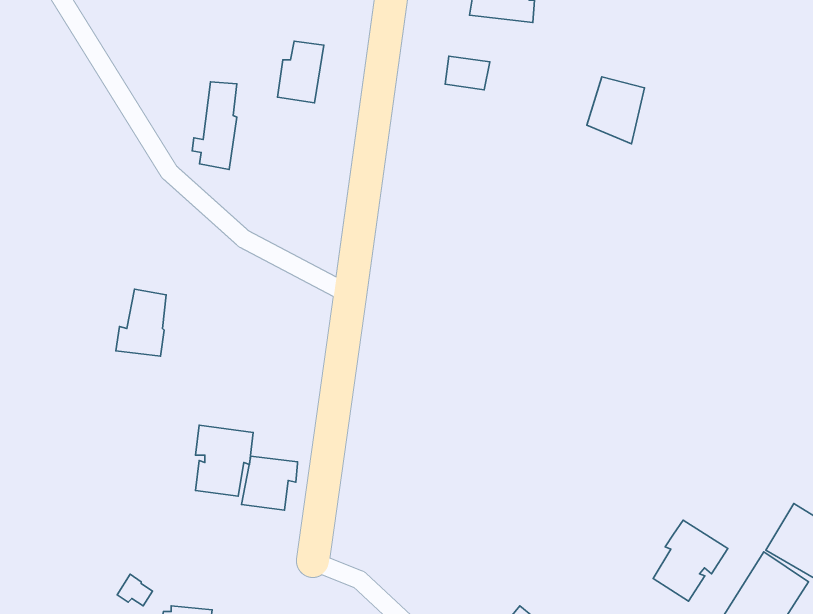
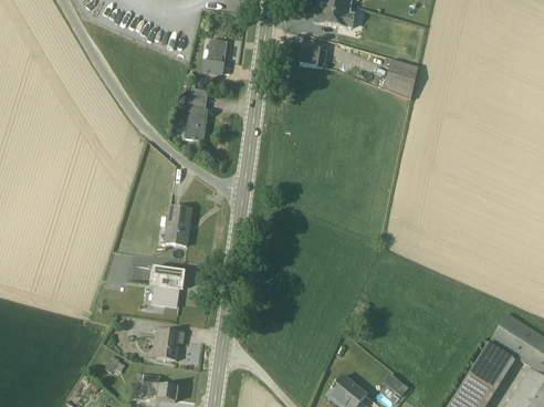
building: [192,82,237,169] -> [181,88,208,140]
building: [116,289,166,356] -> [160,205,190,244]
building: [242,456,298,510] -> [151,327,185,359]
building: [653,520,728,601] -> none

